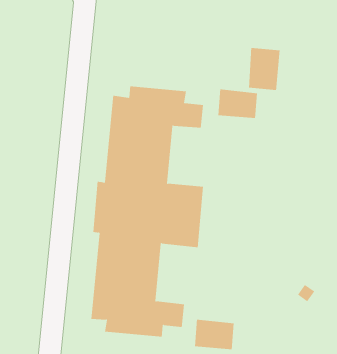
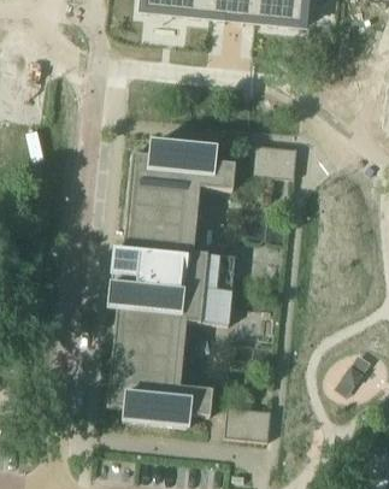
building: [249,47,280,91] -> none

